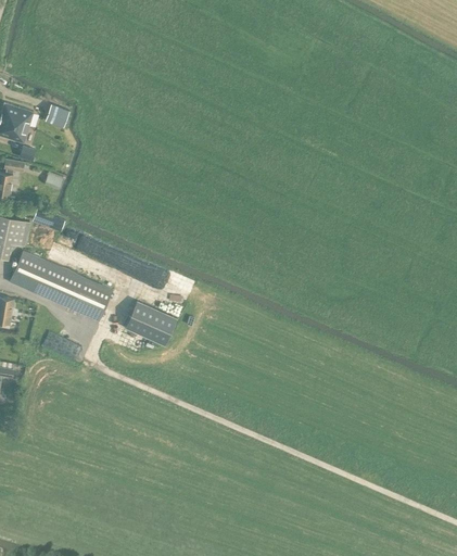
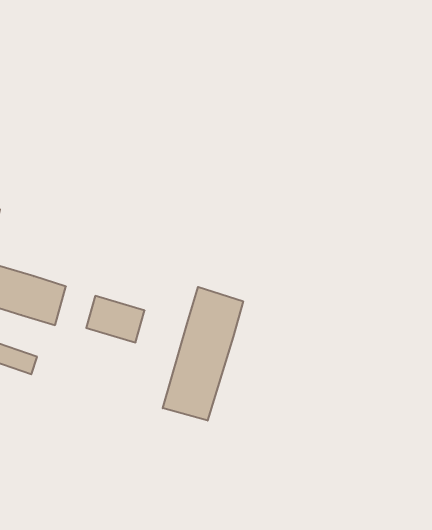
building: none -> [163,287,243,421]

